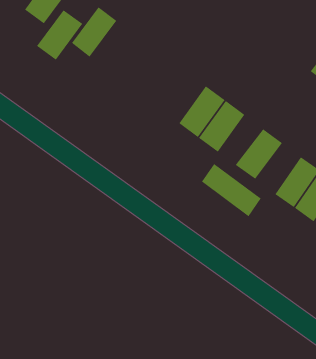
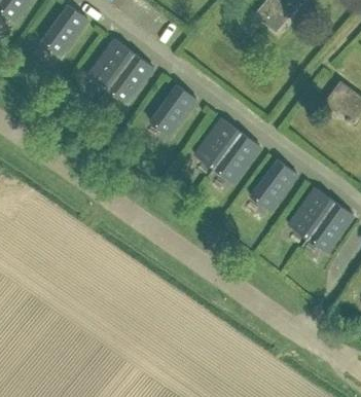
building: [36,9,83,61] -> [106,53,152,104]
building: none -> [149,85,196,136]
building: [201,163,262,217] -> none

